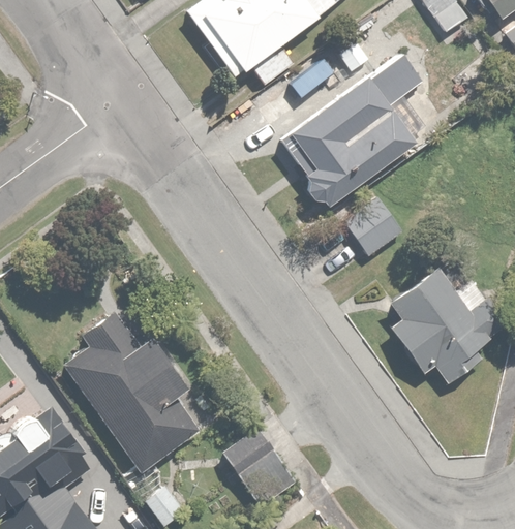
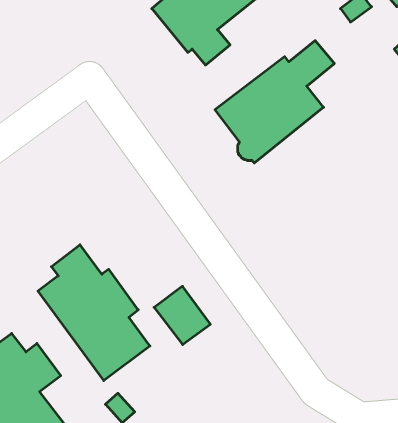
building: [346,197,402,254] -> none
building: [389,270,485,378] -> none
building: [223,430,293,501] -> [154,286,210,345]

